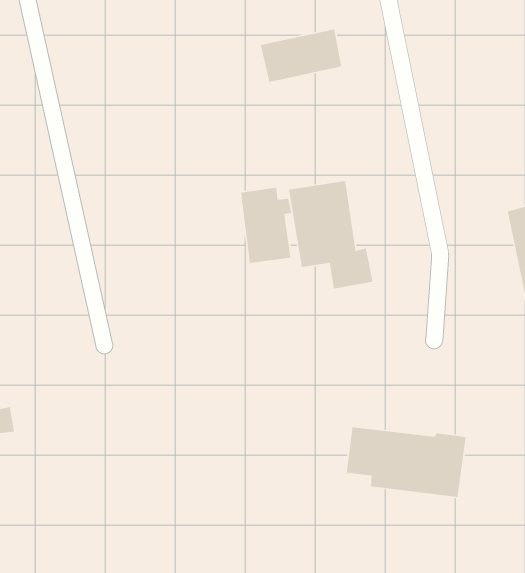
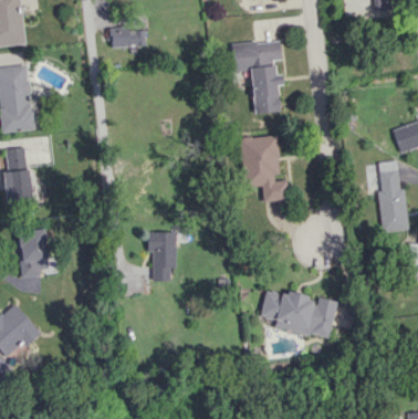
building: none -> [111,28,146,48]
building: [240,187,292,264] -> [252,67,283,114]
building: none -> [147,232,177,281]

